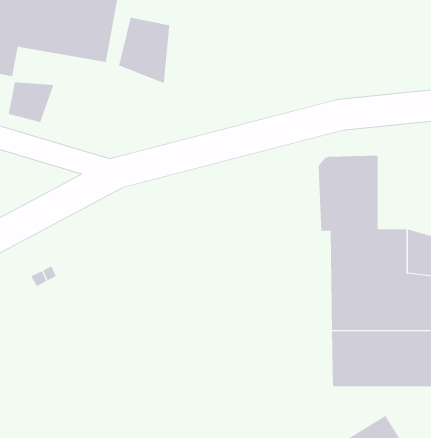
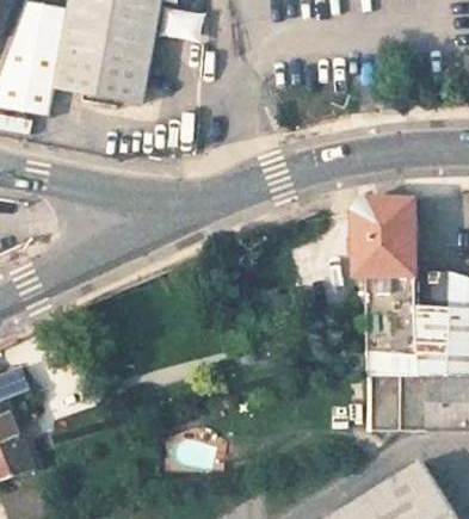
building: [118,17,170,84] -> none
building: [8,82,54,123] -> none

